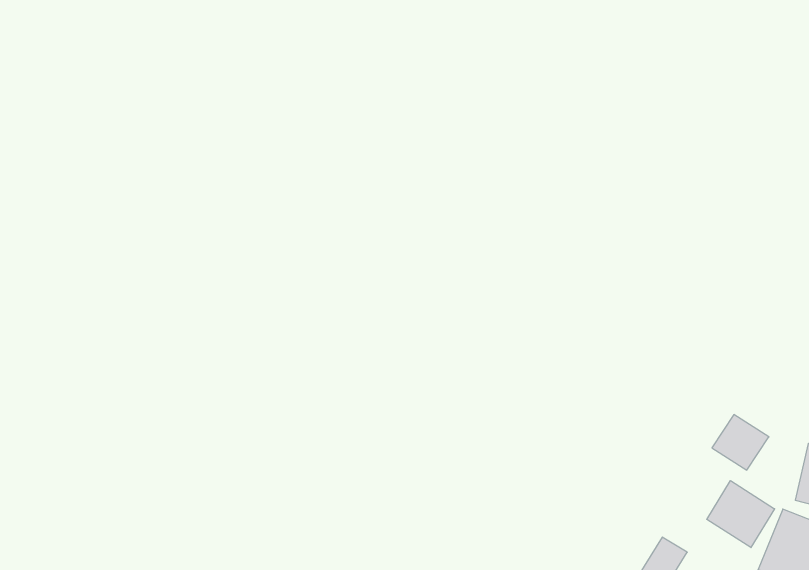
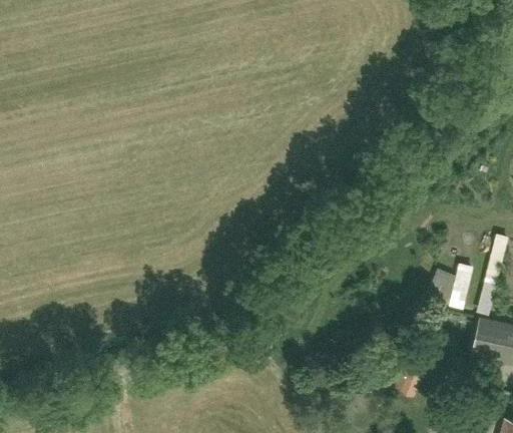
building: [707,481,775,548] -> none

